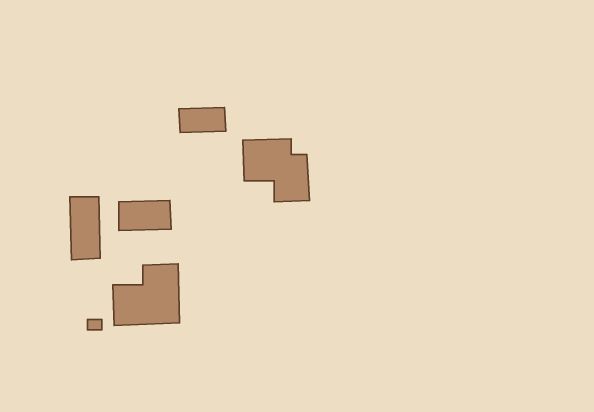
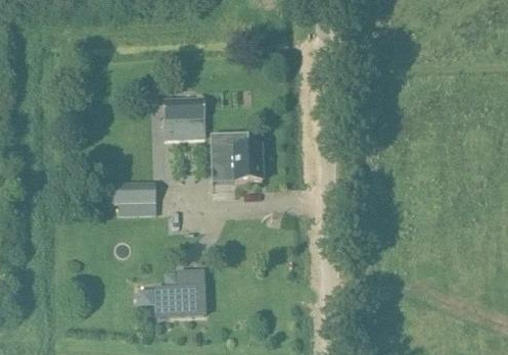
building: [70,197,100,260] -> none
building: [113,264,180,325] -> [152,270,204,318]

